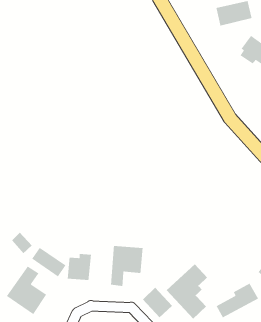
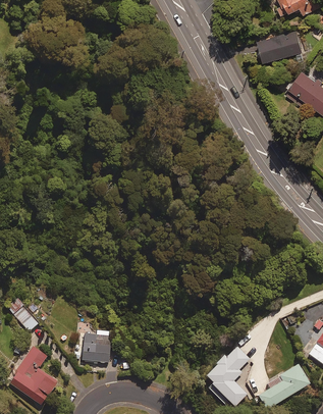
building: [110,245,144,287] -> none
building: [31,247,66,277] -> none
building: [142,287,173,318] -> none

